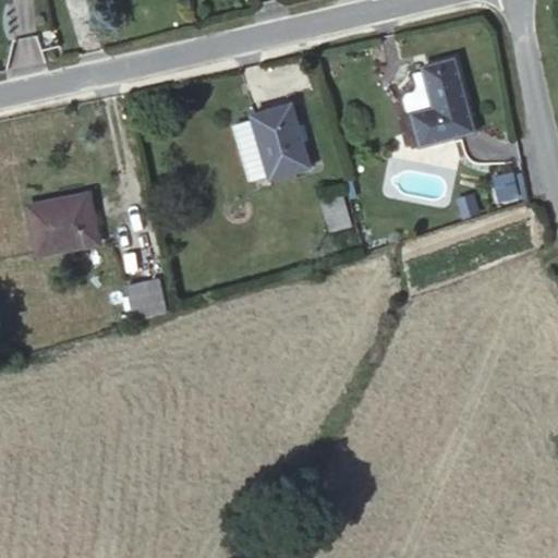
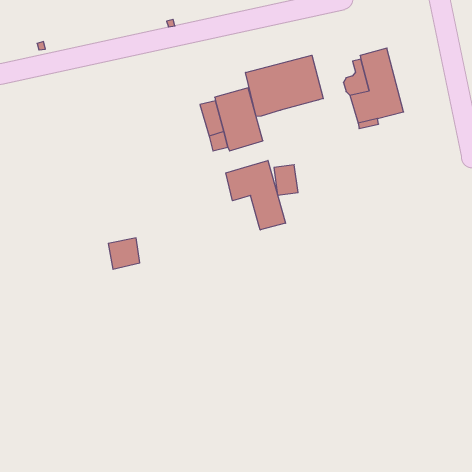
building: none -> [246,55,323,116]
building: none -> [226,160,286,230]
building: [27,194,98,254] -> none

